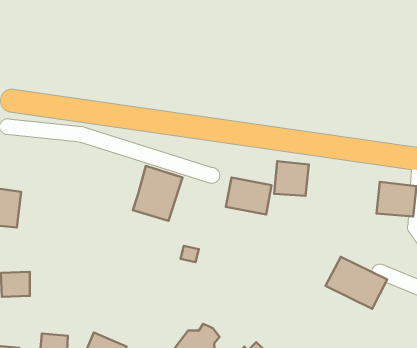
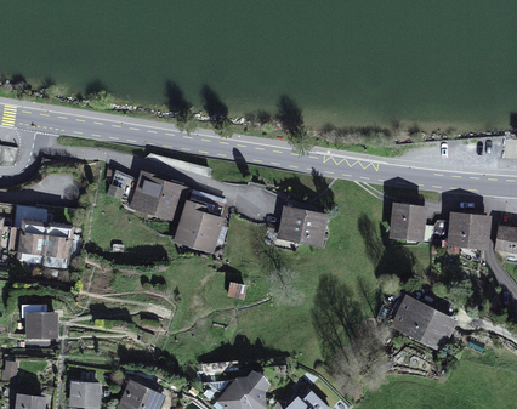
building: none -> [130,170,191,223]
building: [274,161,309,196] -> [390,201,428,240]
building: none -> [44,221,74,265]

